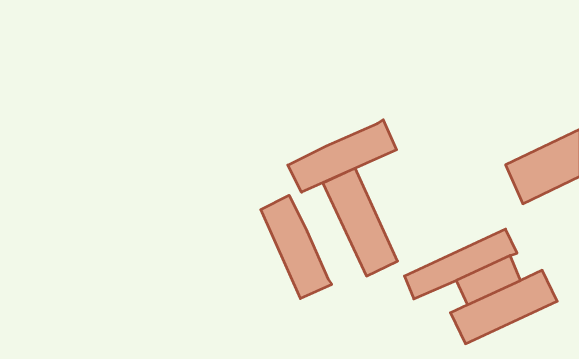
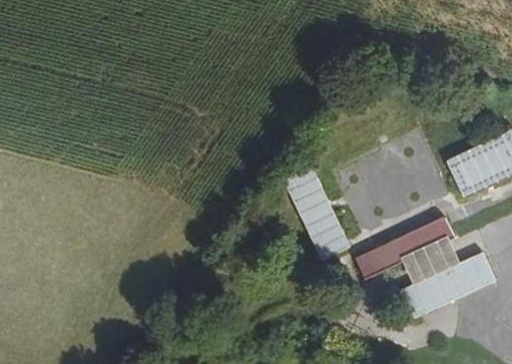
building: [288,120,397,192] -> none
building: [261,195,332,299] -> none

